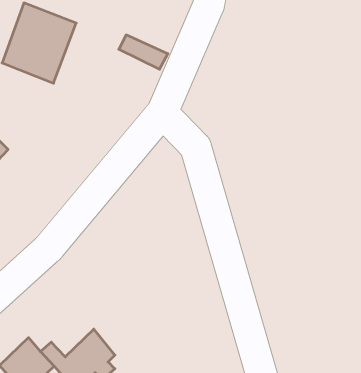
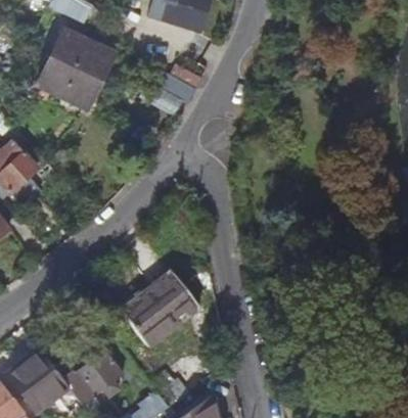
building: none -> [120,269,199,347]

